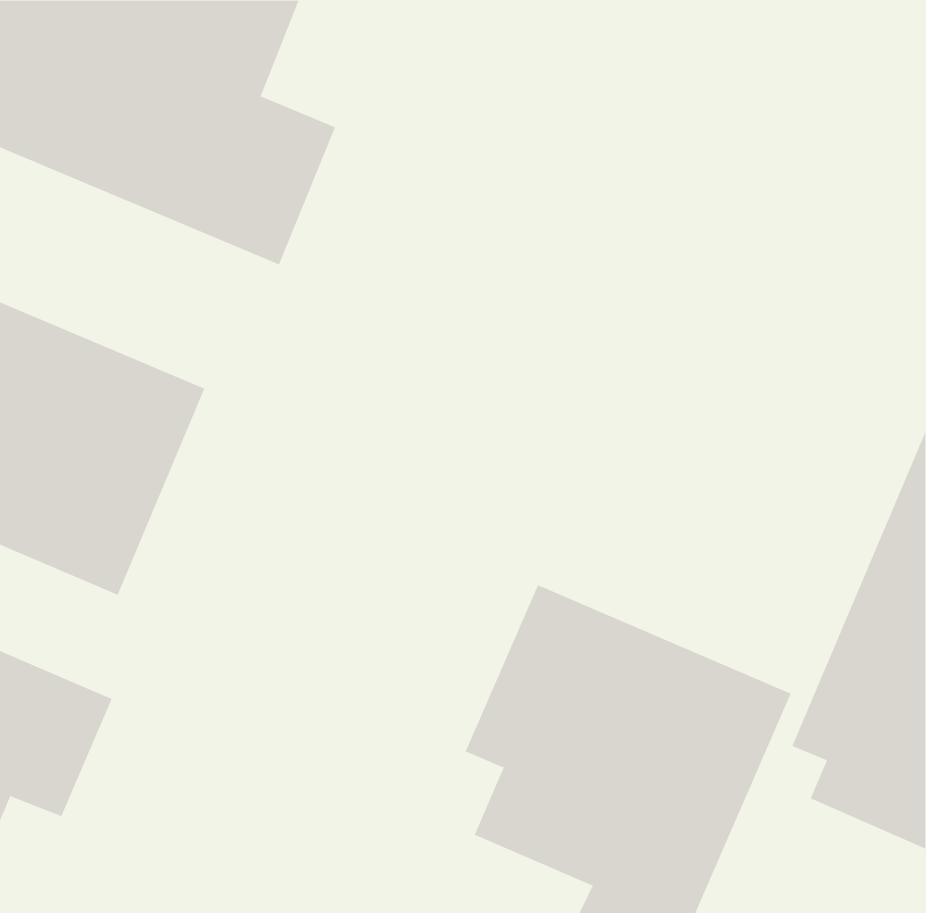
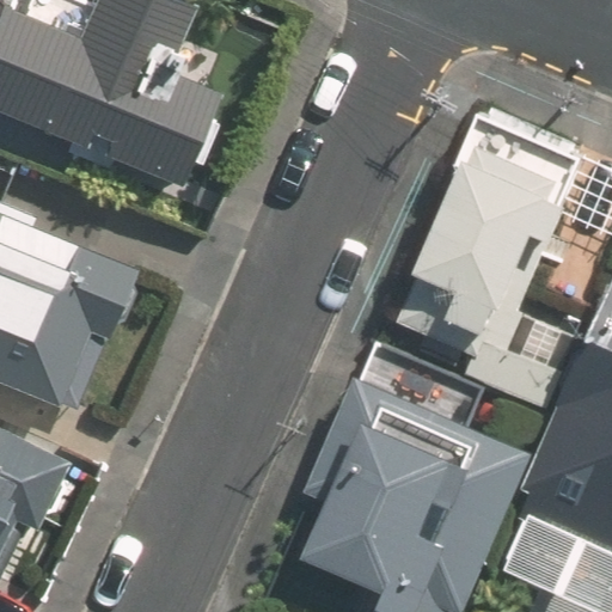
building: none -> [410,121,580,414]

